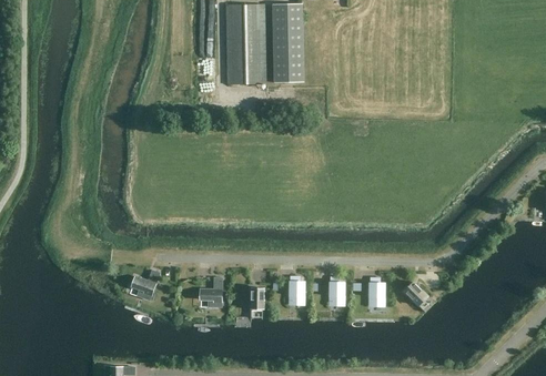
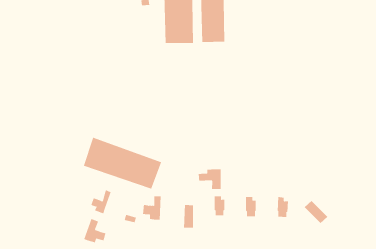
building: none -> [83,137,162,190]
building: none -> [198,169,221,190]
building: none -> [84,218,106,243]

